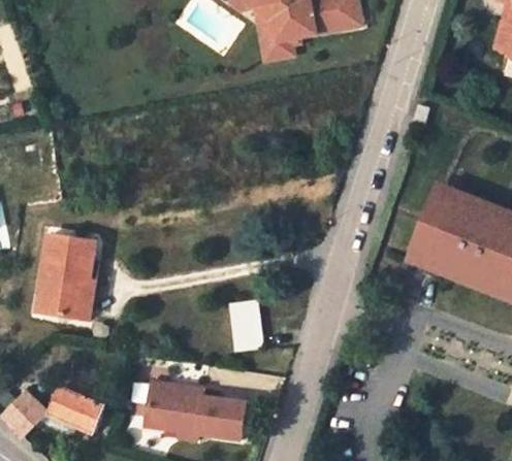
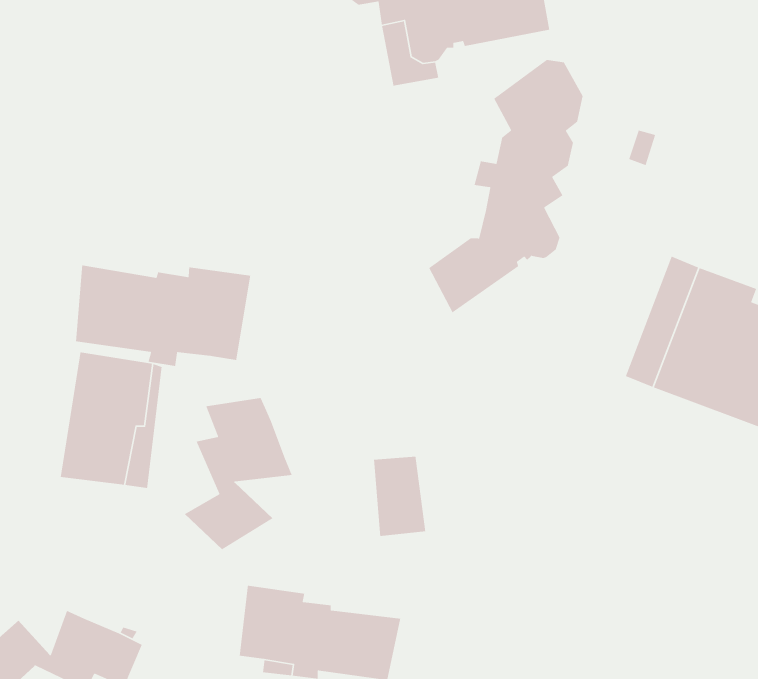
building: none -> [428,59,583,313]
building: none -> [75,264,251,367]
building: none -> [184,397,293,550]

